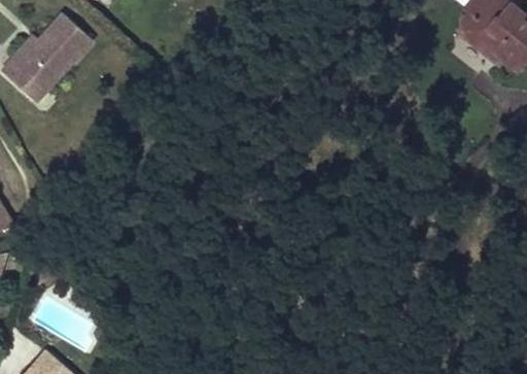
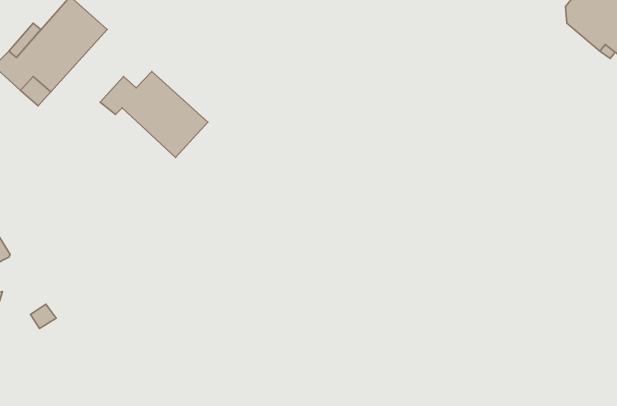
building: none -> [100,71,208,158]

